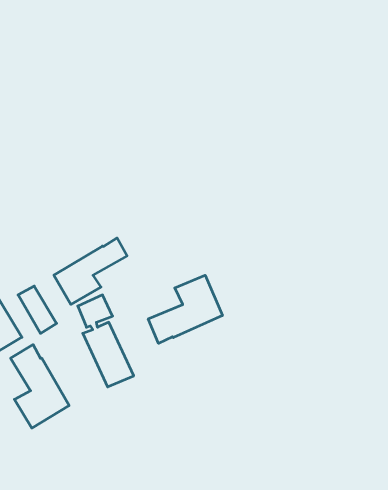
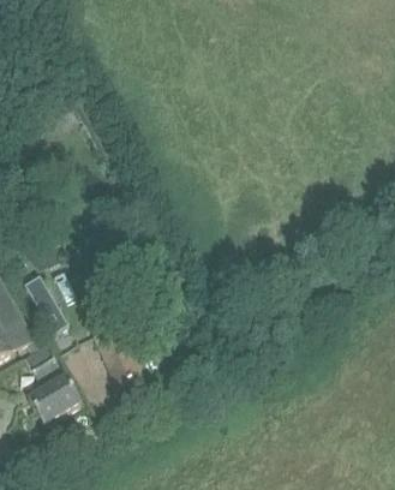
building: [54,238,127,304] -> none
building: [148,275,222,343] -> none

